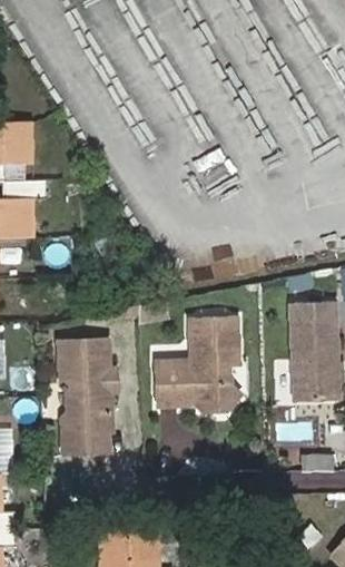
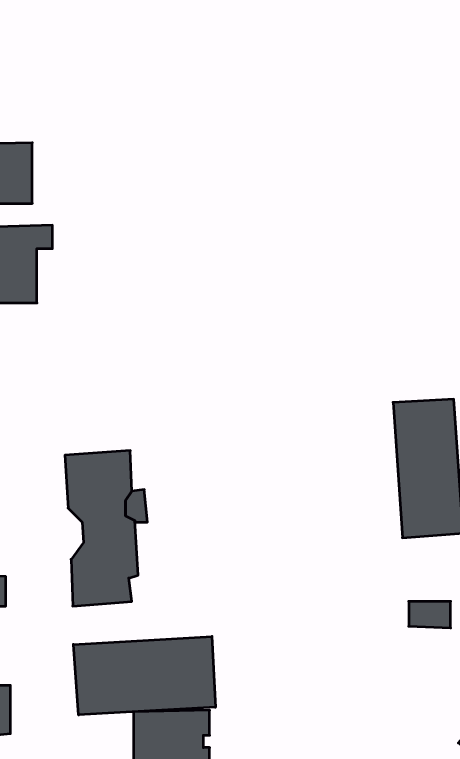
building: [156,315,245,414] -> none
building: none -> [73,636,215,715]

